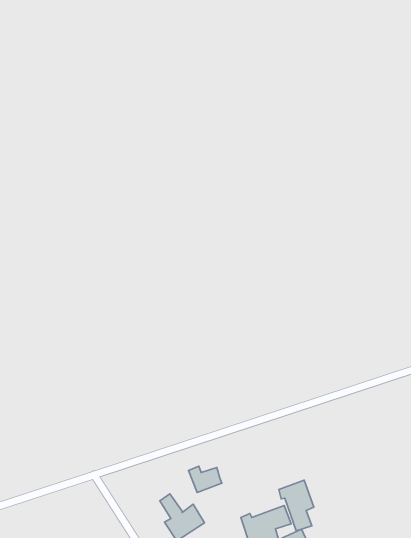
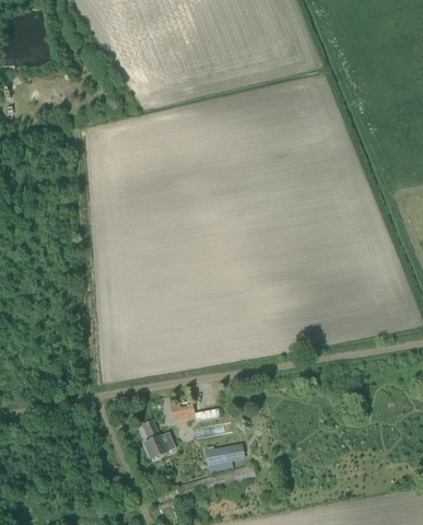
building: [279,480,314,531] -> none

